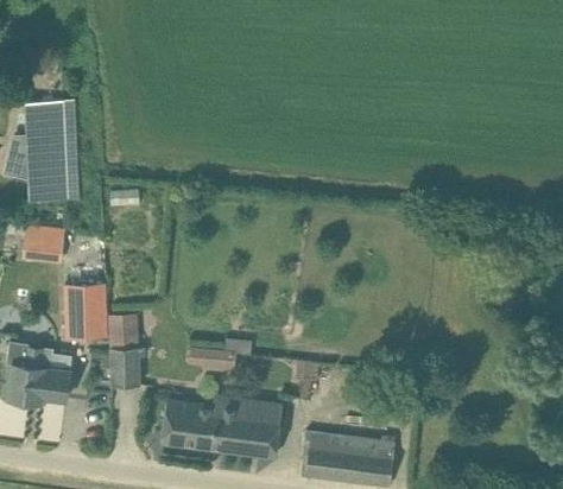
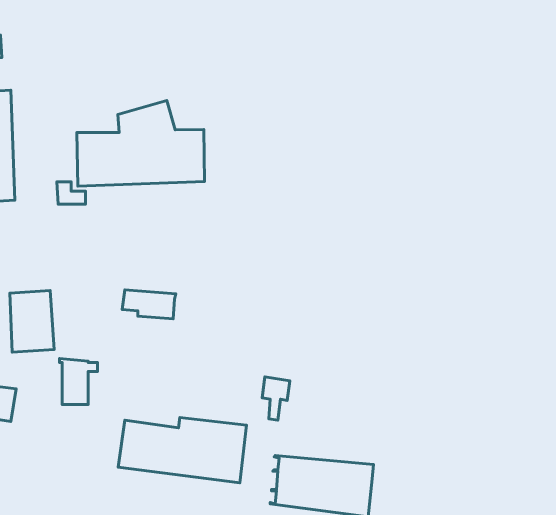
building: none -> [77,101,205,186]
building: [108,312,140,348] -> none
building: [188,348,236,374] -> [122,290,176,319]

